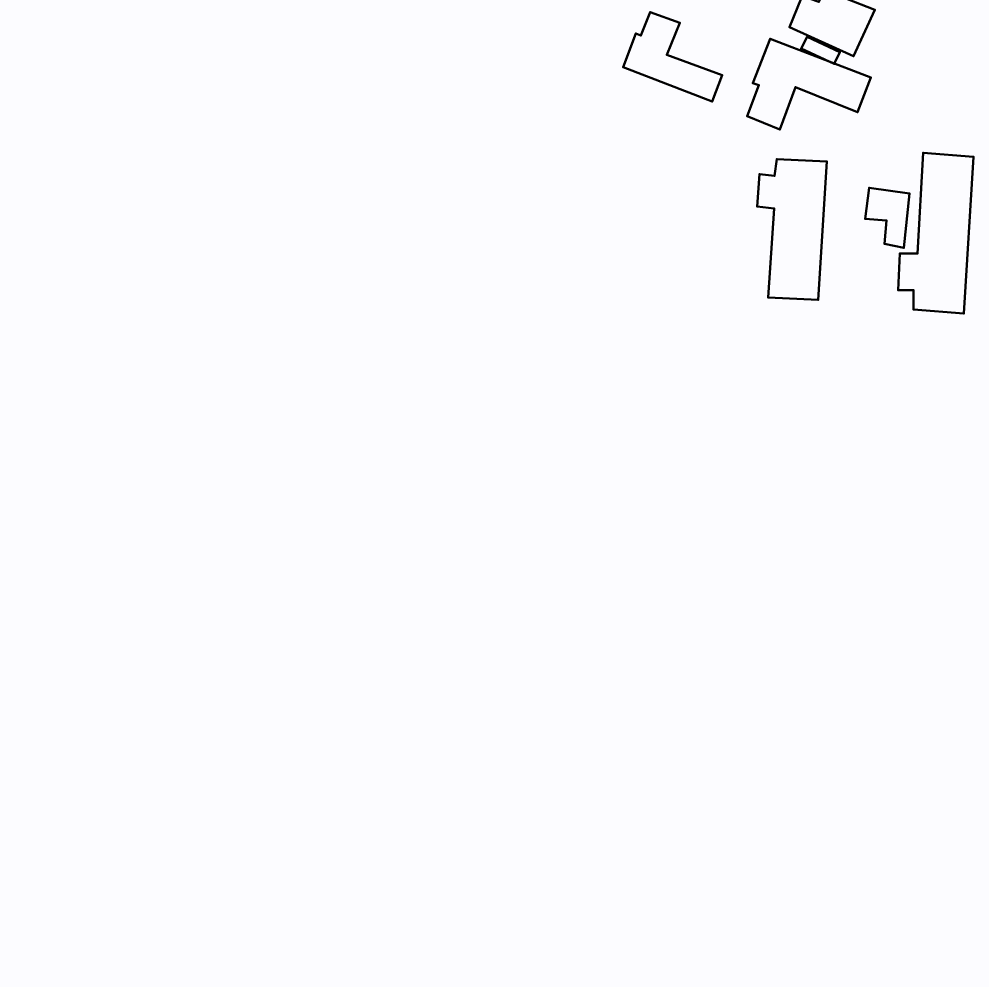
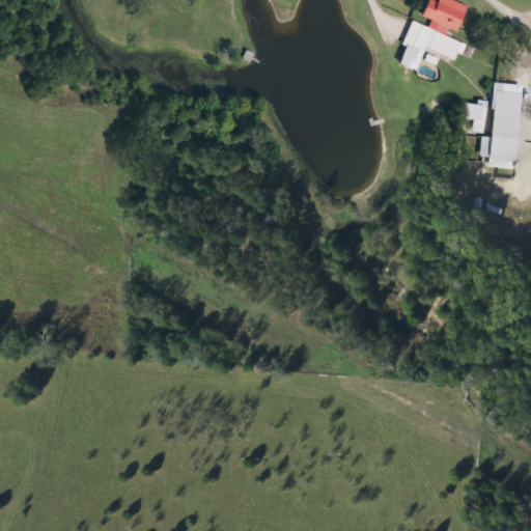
building: [623,12,722,102] -> none
building: [757,159,827,300] -> none

